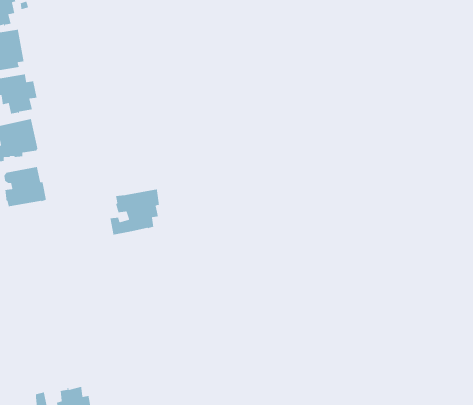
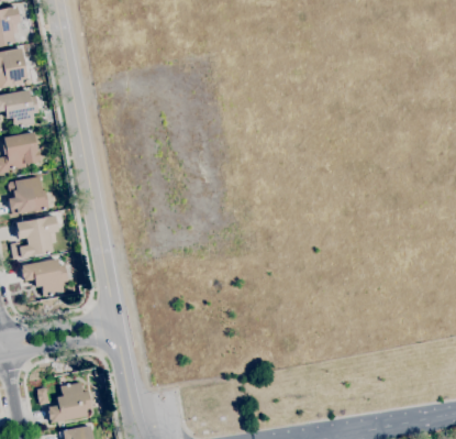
building: [109,189,160,236] -> [11,216,58,260]
building: none -> [21,259,68,296]

